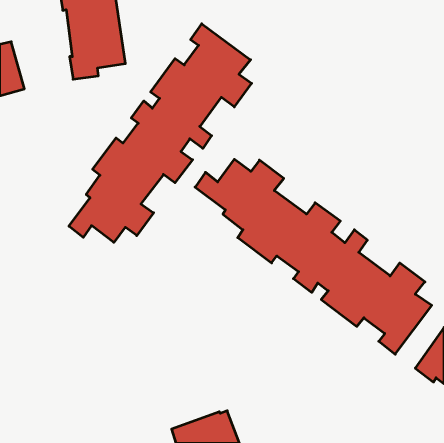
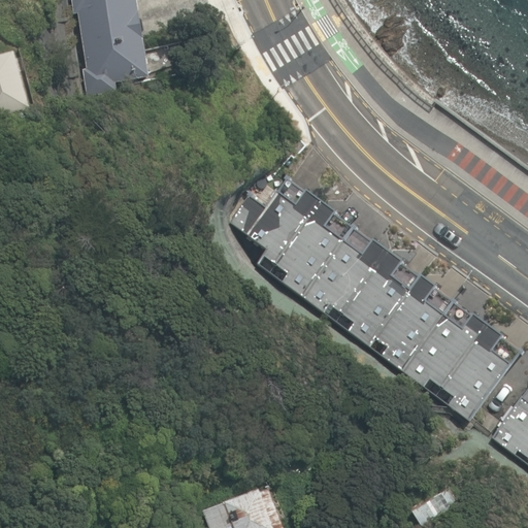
building: [69,24,252,242] -> none

